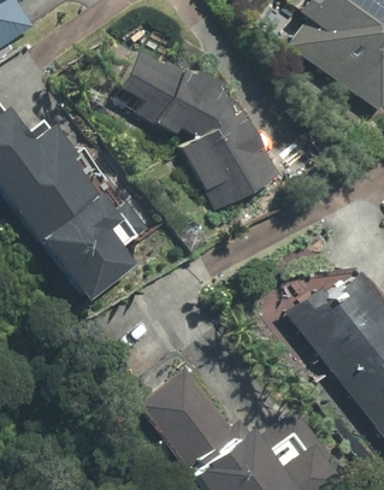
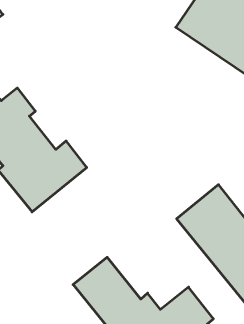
building: [119,45,279,206] -> none

